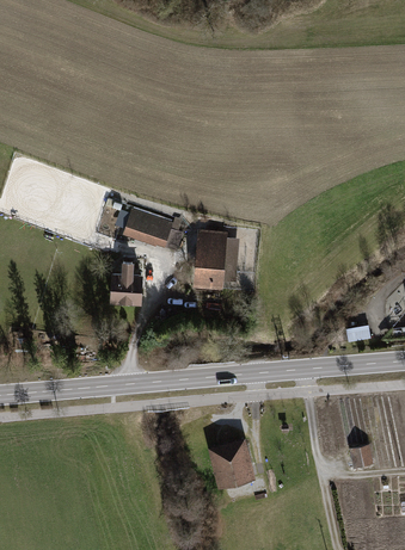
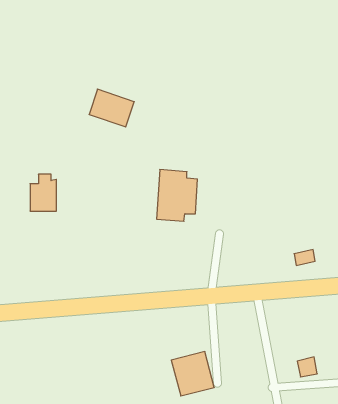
building: [123,208,174,251] -> [89,89,134,127]
building: [108,262,137,304] -> [30,174,56,211]

